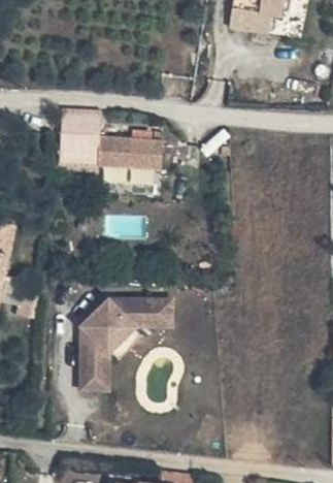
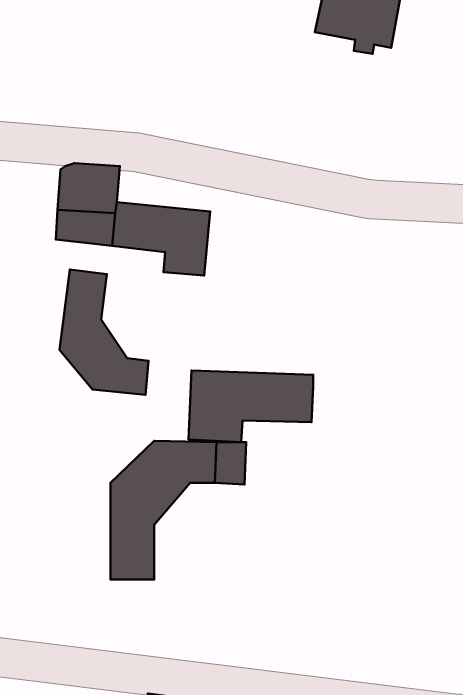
building: none -> [60,269,149,395]
building: none -> [189,370,313,442]

